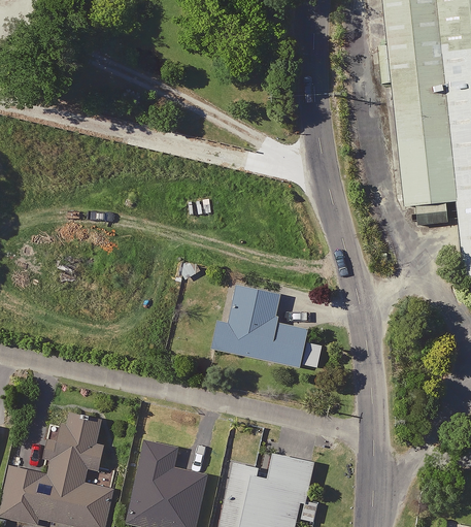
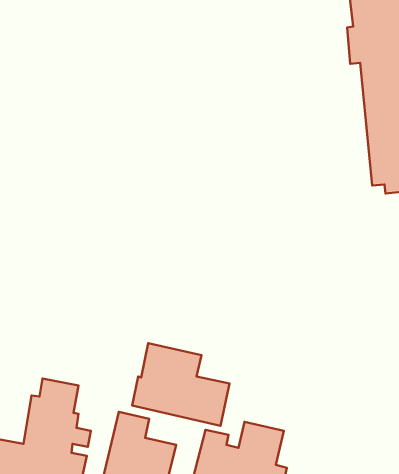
building: [211,287,311,371] -> [132,343,230,426]

